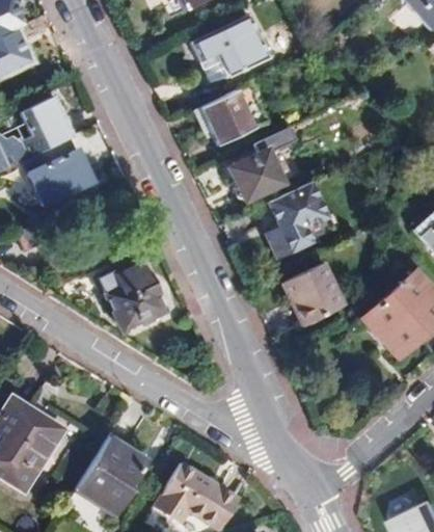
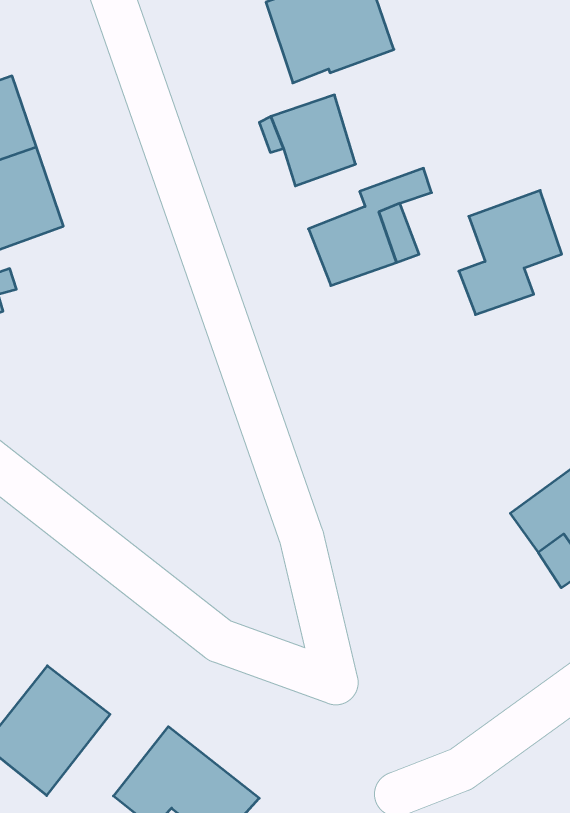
building: [269,181,327,257] -> [459,190,562,315]
building: [107,261,163,330] -> none
building: [284,265,343,326] -> none

